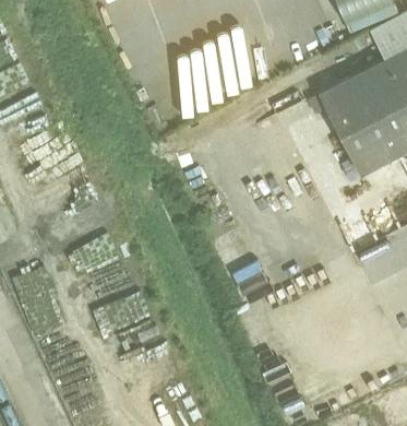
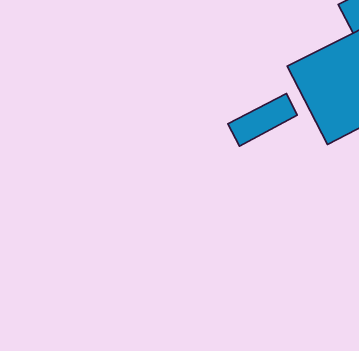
building: none -> [228,93,297,146]

